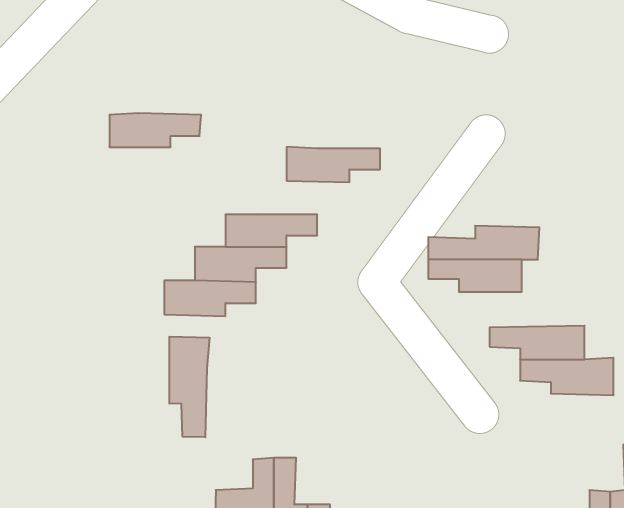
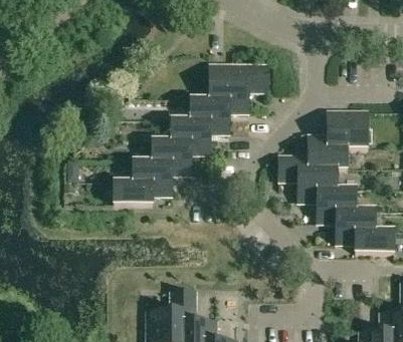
building: none -> [209,62,267,97]
building: [109,113,201,147] -> [172,117,229,138]
building: none -> [307,109,371,146]
building: none -> [297,187,356,208]
building: [169,337,210,437] -> none

